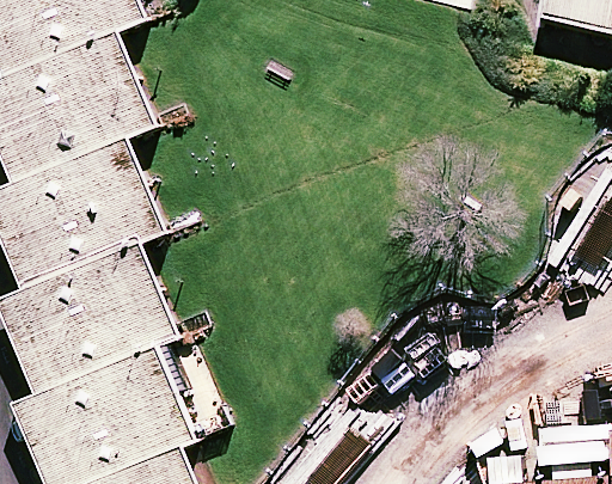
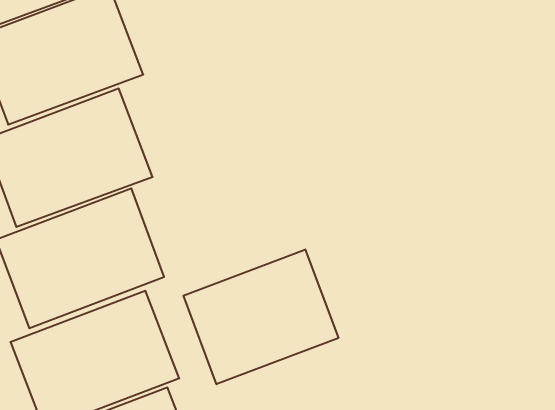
building: none -> [183,249,338,384]

